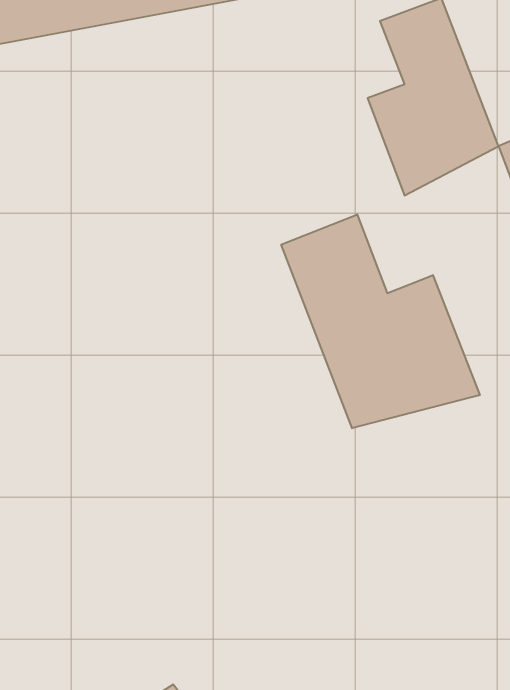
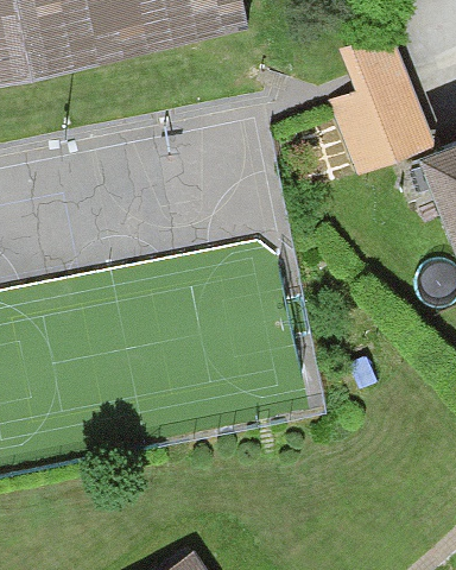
building: [281,214,480,428] -> none

